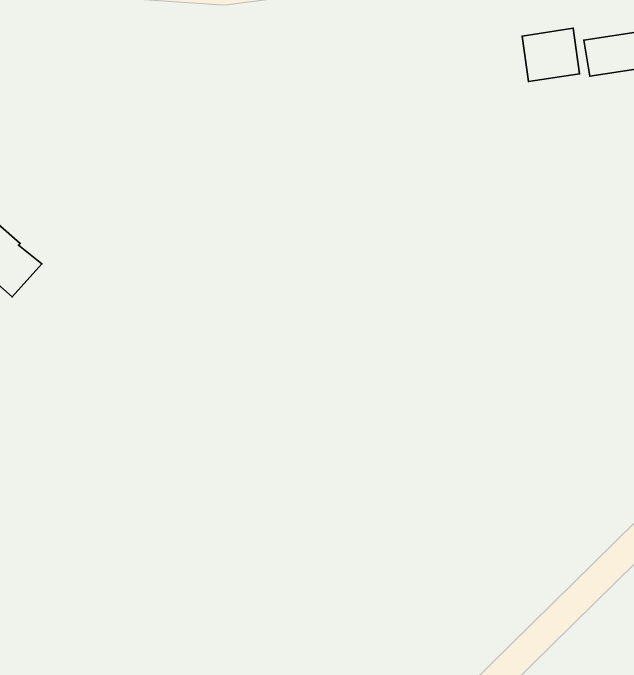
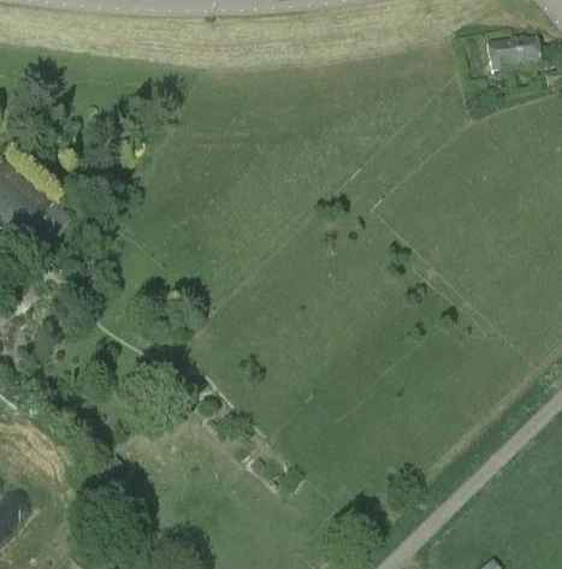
building: [522,28,580,82] -> none

